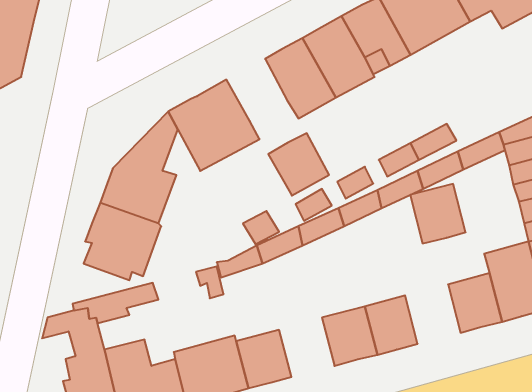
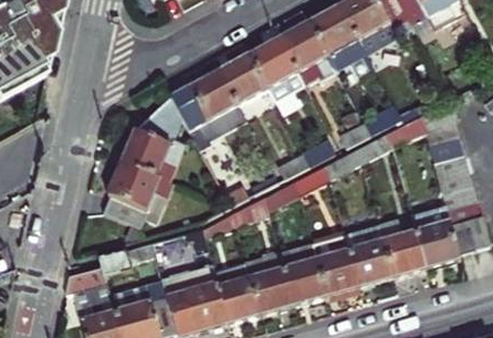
building: [268,133,329,196] -> [213,55,262,105]
building: [410,184,466,243] -> [356,235,400,283]
building: none -> [255,262,300,309]

